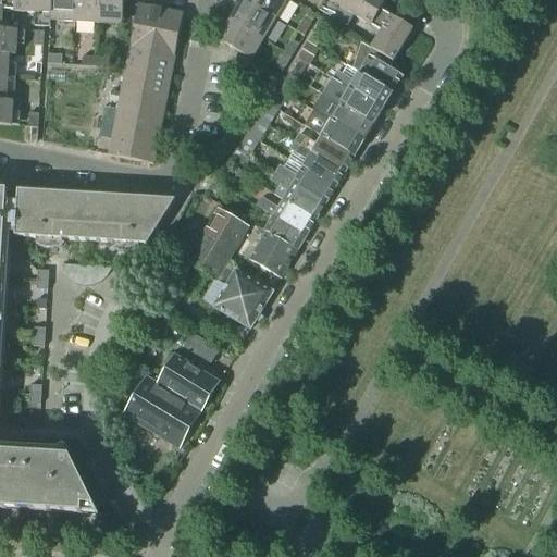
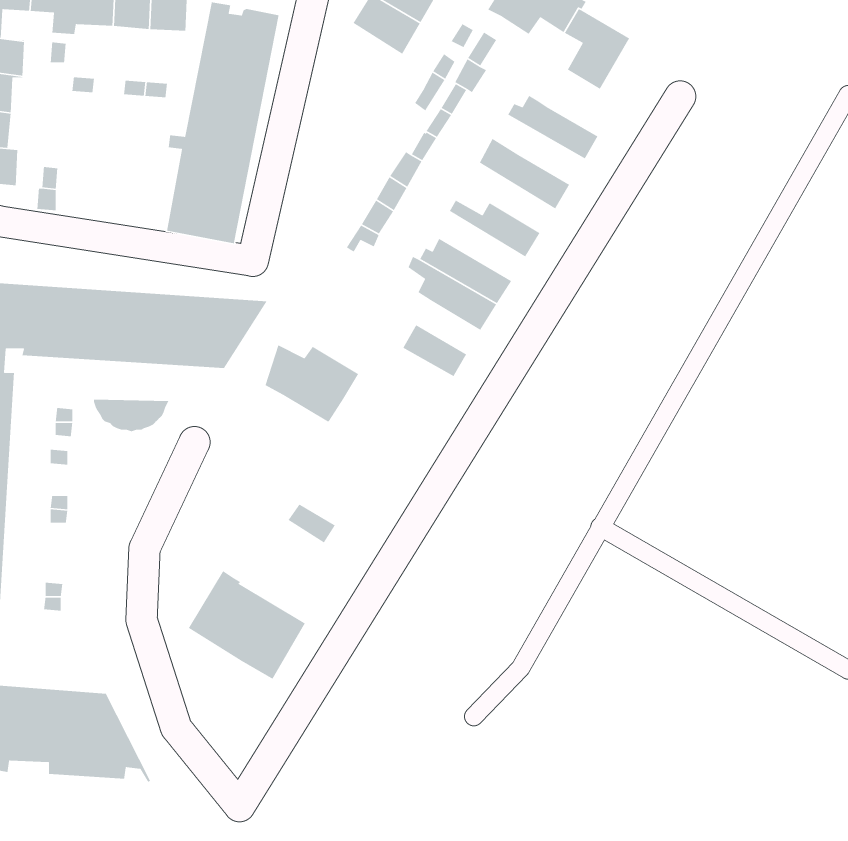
building: [218,15,263,55] -> none
building: [351,39,401,89] -> none
building: [322,75,383,121] -> none
building: [304,107,363,152] -> none
building: [287,138,344,184] -> none
building: [256,194,314,232] -> none
building: [205,206,247,245] -> none
building: [248,228,297,275] -> none
building: [201,267,272,325] -> none
building: [152,351,219,408] -> none

